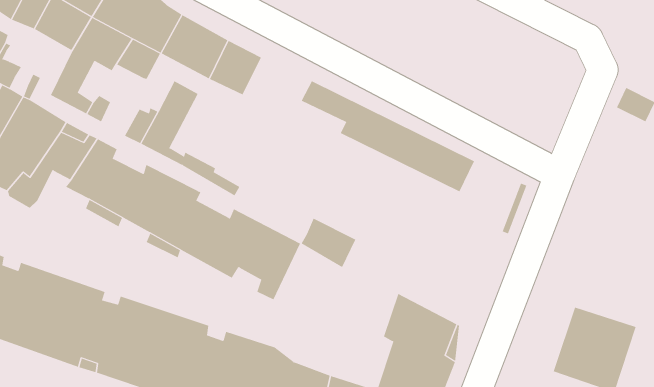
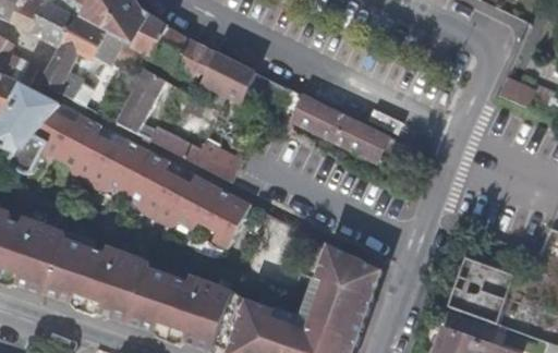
building: none -> [198,51,254,100]
building: [301,218,356,268] -> [192,143,236,183]

